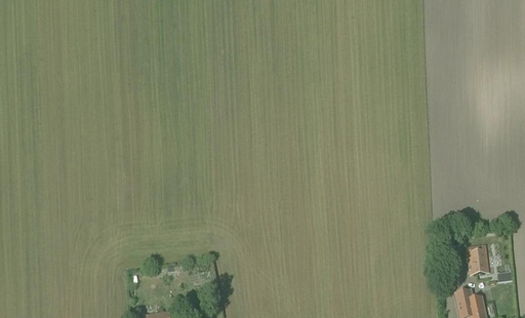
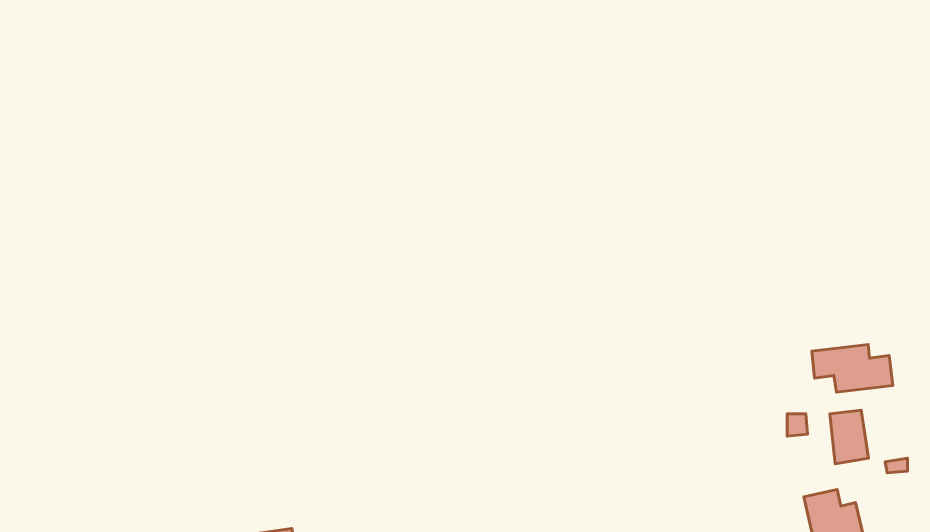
building: none -> [812,345,893,392]

